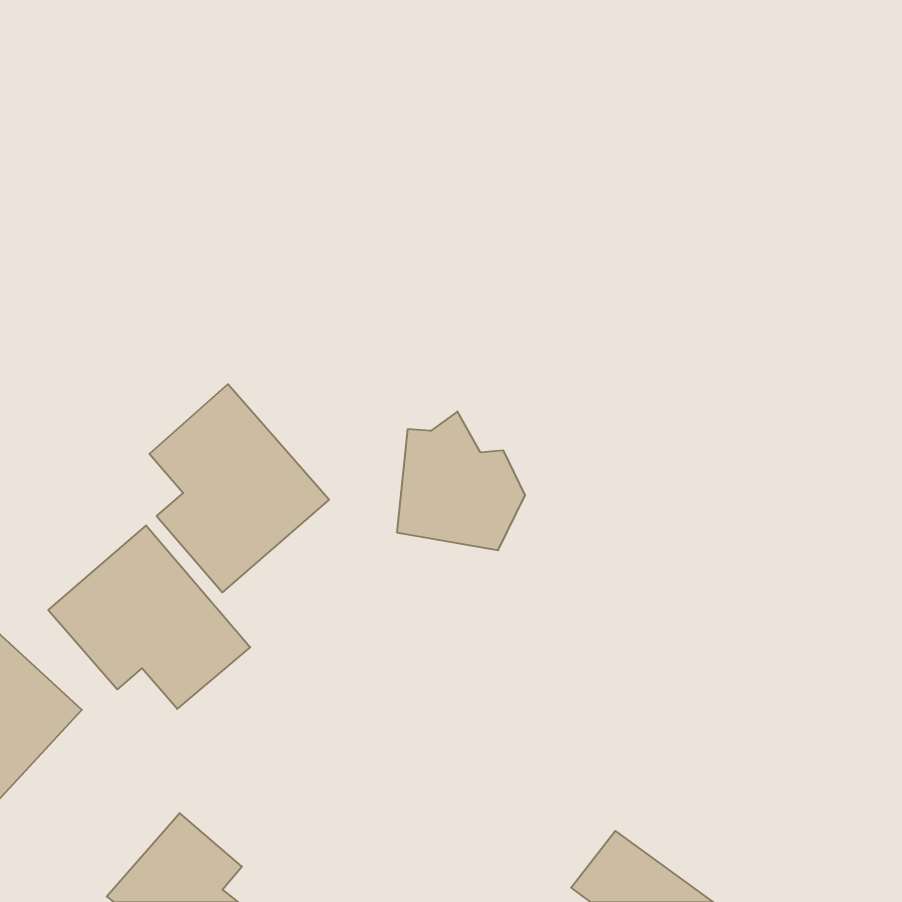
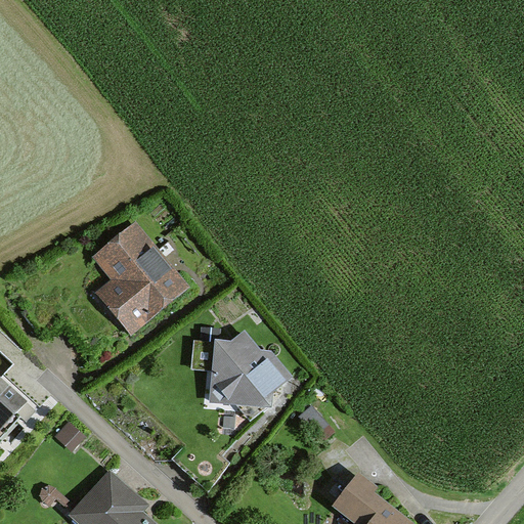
building: [397,411,525,550] -> [209,332,282,411]
building: [48,525,250,709] -> none

